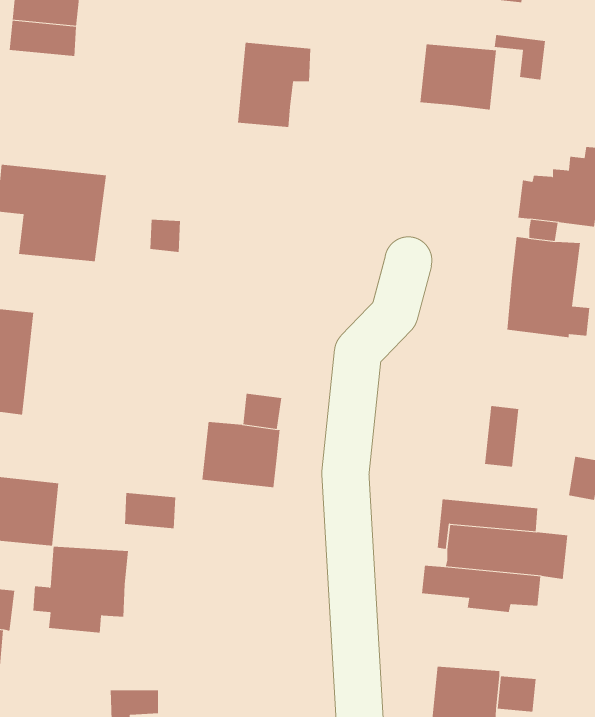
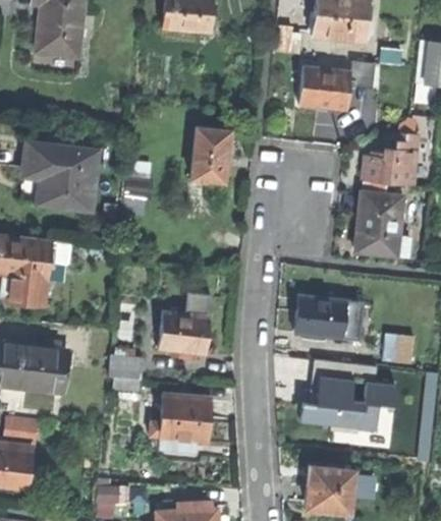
building: [237,42,311,127] -> [190,128,238,183]
building: none -> [295,296,345,338]
building: [32,546,129,633] -> [149,395,211,451]

